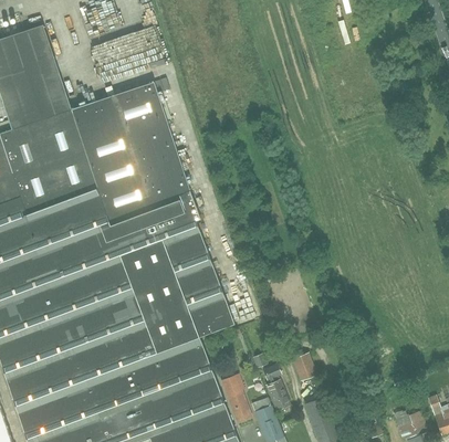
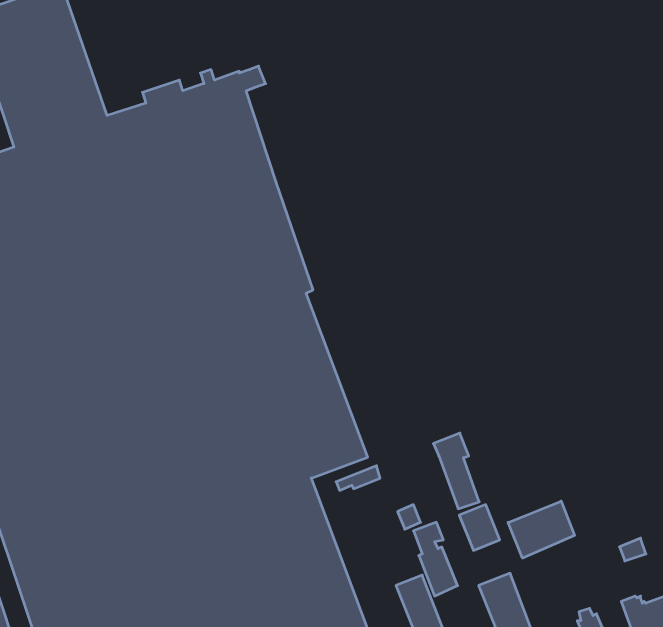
building: none -> [508,501,575,558]
building: [221,375,250,422] -> [433,433,479,509]

